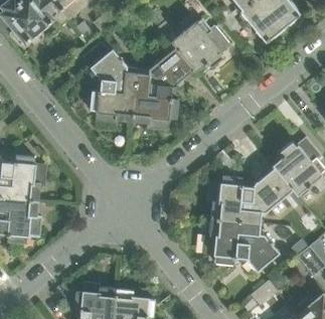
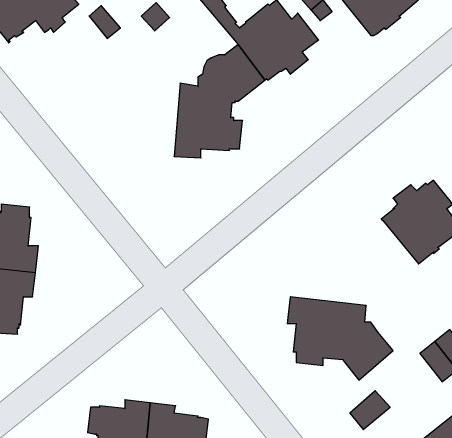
building: [83,40,136,122] -> none
building: [210,165,302,222] -> none

